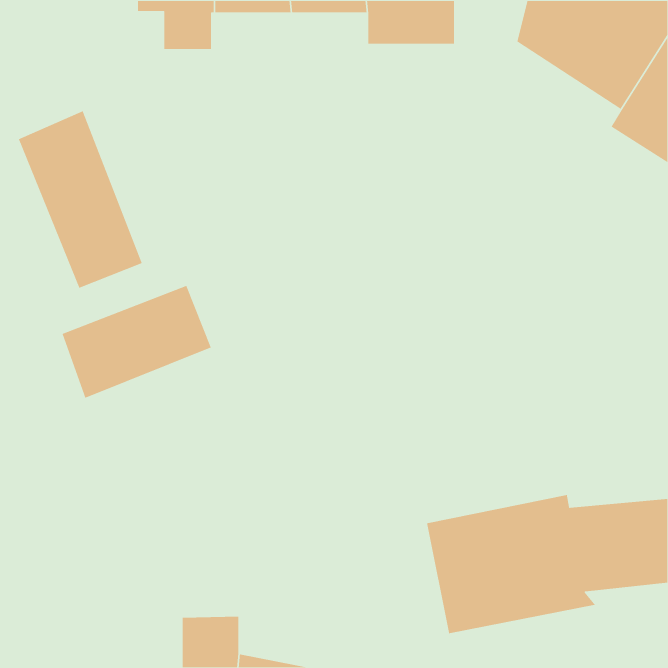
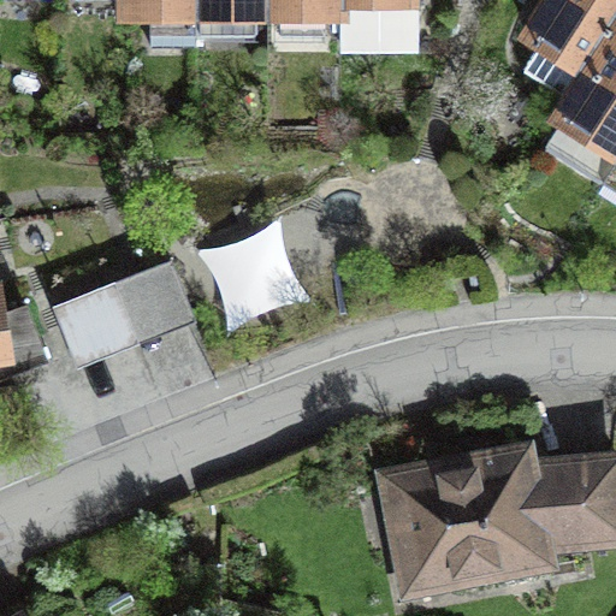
building: [18,110,143,289] -> none
building: none -> [197,214,313,337]

